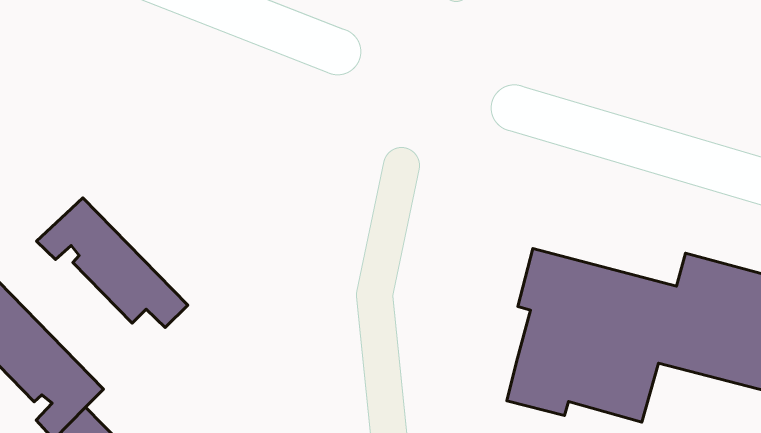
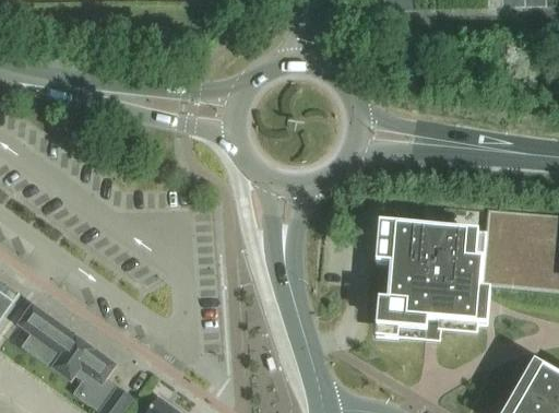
building: [37,198,188,328] -> none

